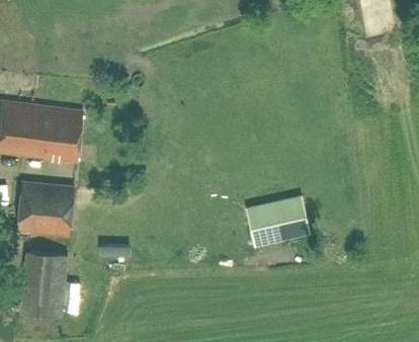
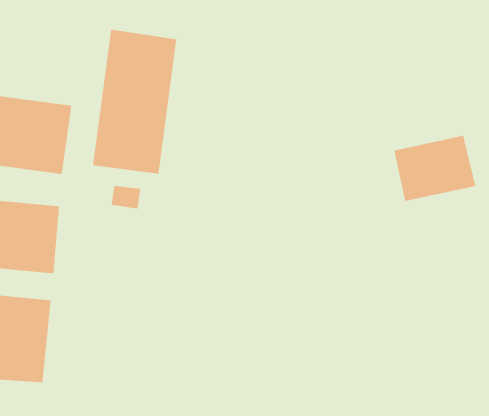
building: none -> [92,29,177,174]
building: [248,196,309,245] -> [393,135,476,201]

